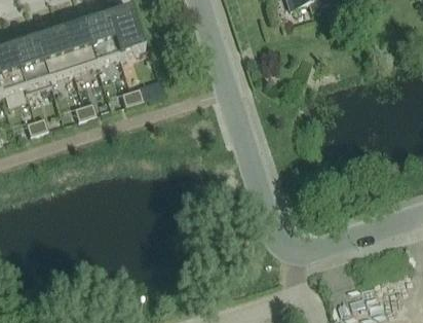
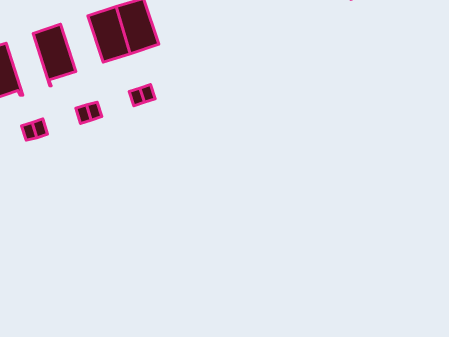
building: [60,24,97,72] -> none
building: [12,39,50,93] -> none

